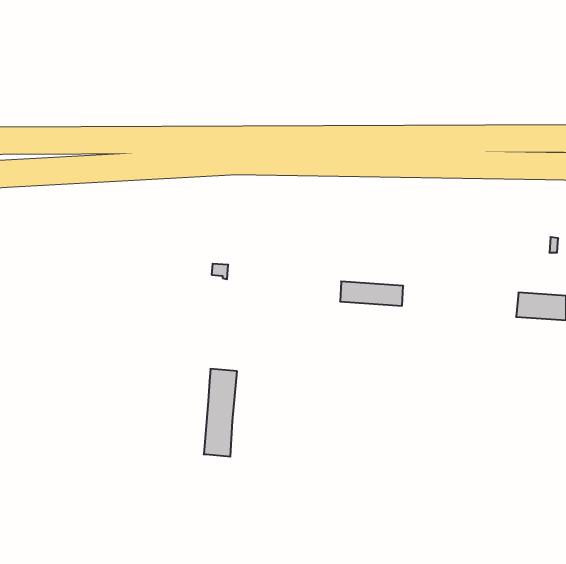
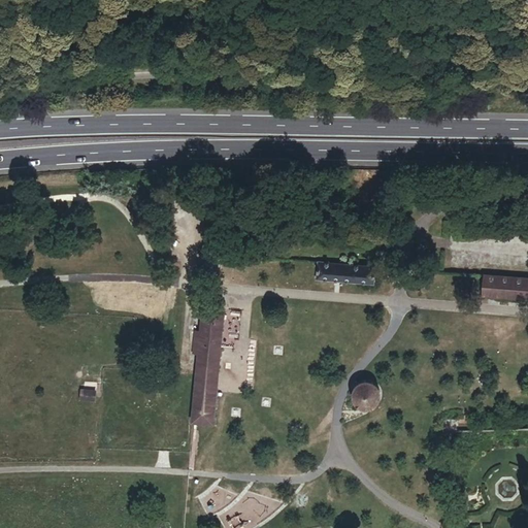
building: none -> [196,311,224,348]
building: none -> [353,381,381,409]

